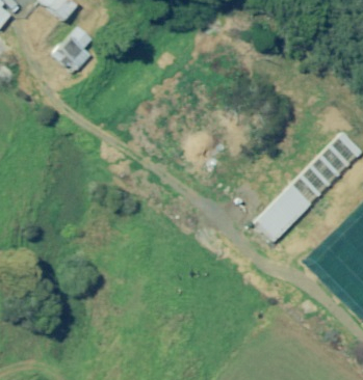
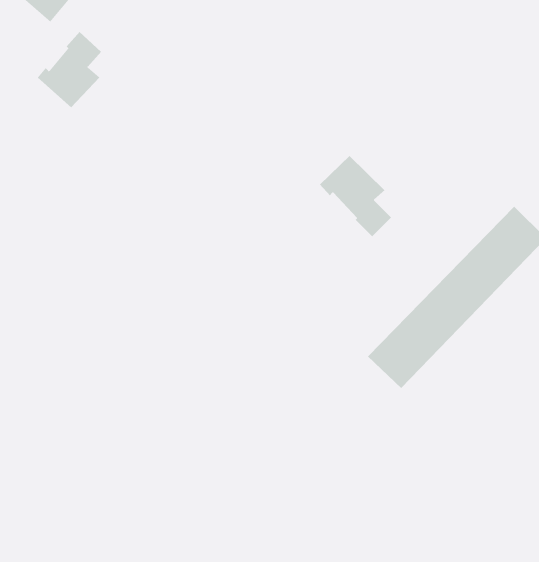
building: none -> [319,155,392,237]

